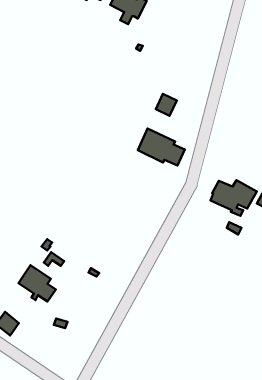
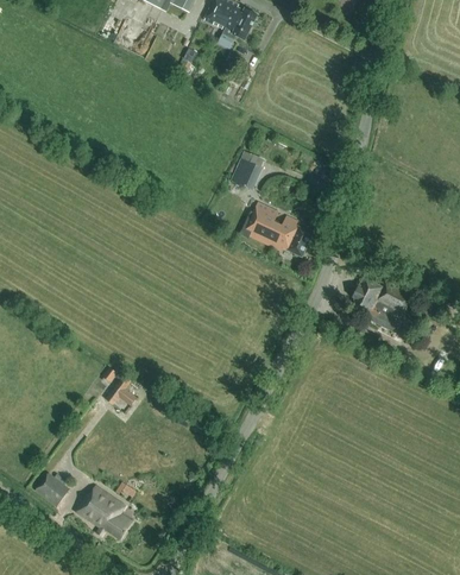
building: [156,94,177,116] -> [232,157,263,189]
building: [18,265,56,302] -> [77,485,132,538]

